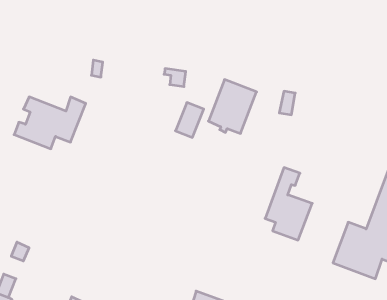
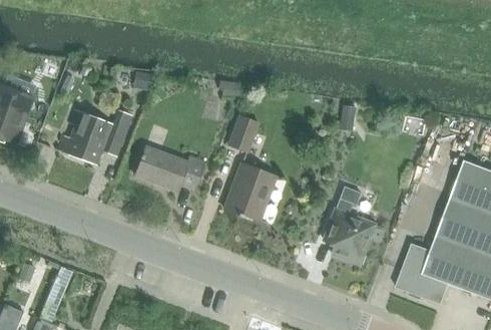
building: [208,80,257,133] -> [224,164,276,222]
building: none -> [135,148,204,192]

